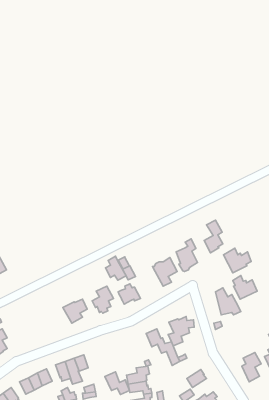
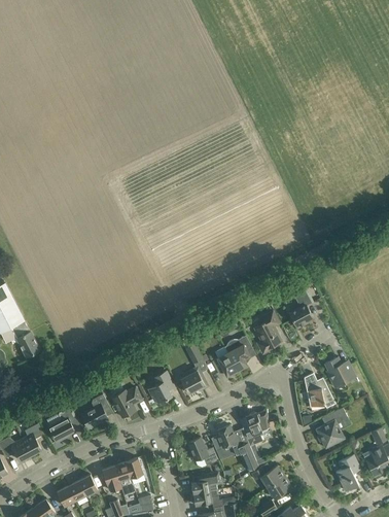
building: [223,248,251,273] -> none
building: [106,256,126,280] -> [211,346,237,376]
building: none -> [80,393,108,428]
building: none -> [47,407,75,443]
building: none -> [315,408,347,448]
building: none -> [251,466,284,487]
building: [105,372,129,395] -> [186,437,217,466]

